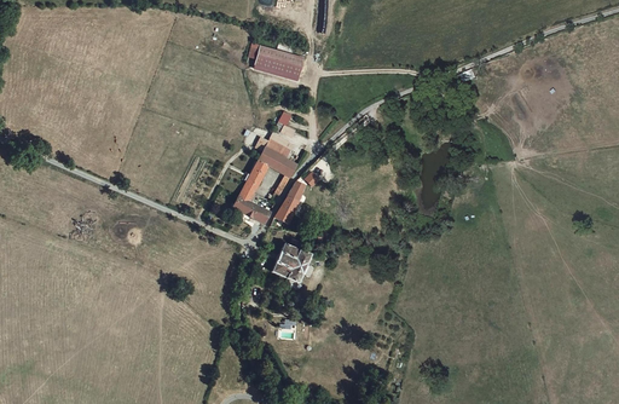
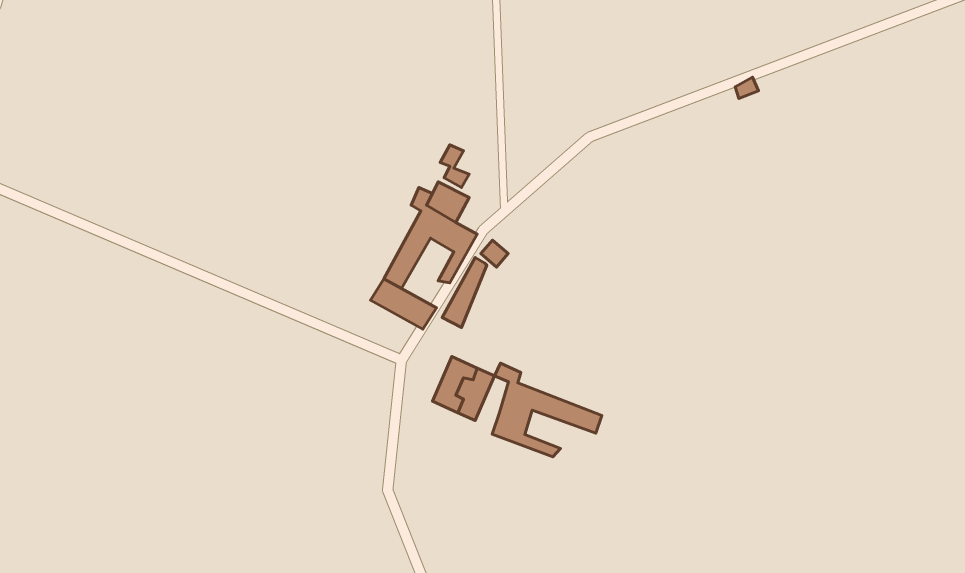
building: [256,47,306,85] -> none
building: none -> [492,363,602,457]

